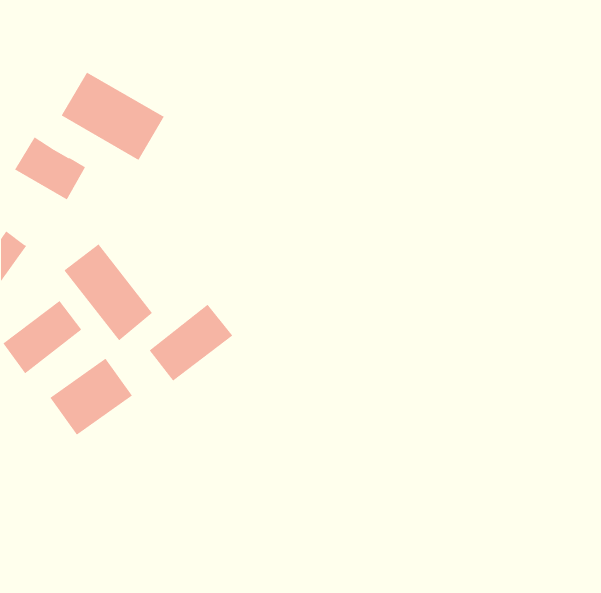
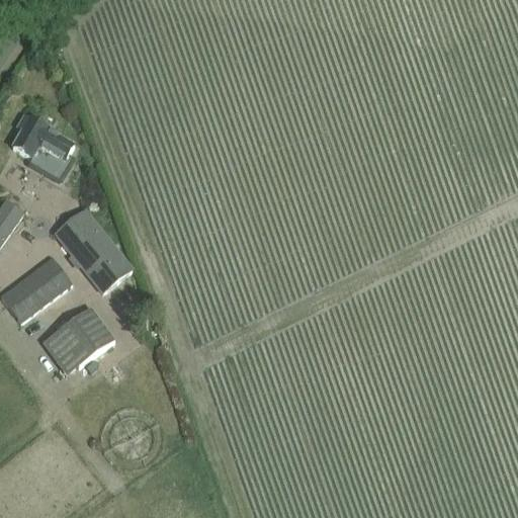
building: [61,72,164,161] -> none
building: [149,304,233,382] -> none

